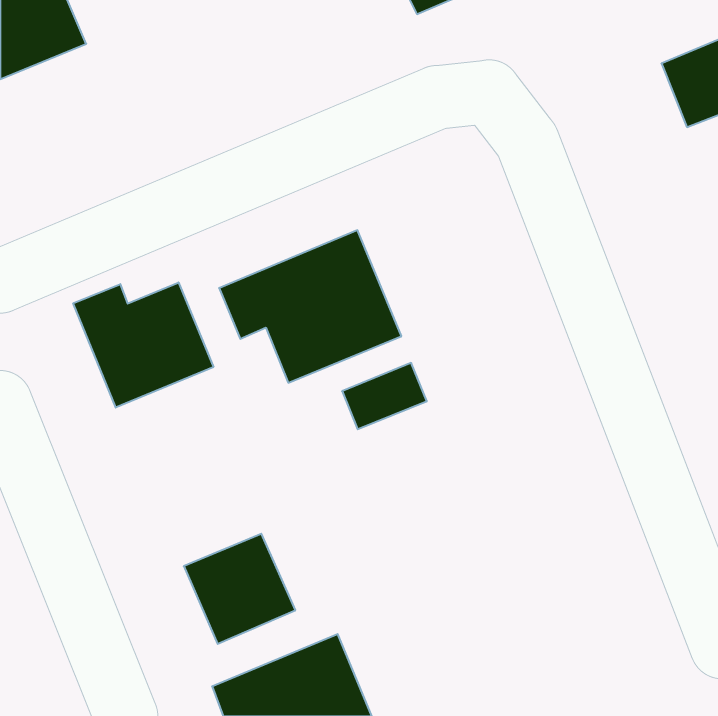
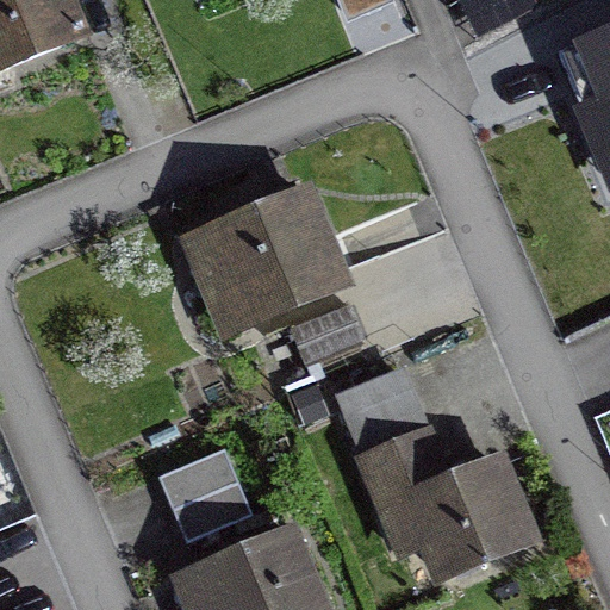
building: [73,282,213,408] -> none
building: none -> [342,376,528,578]

